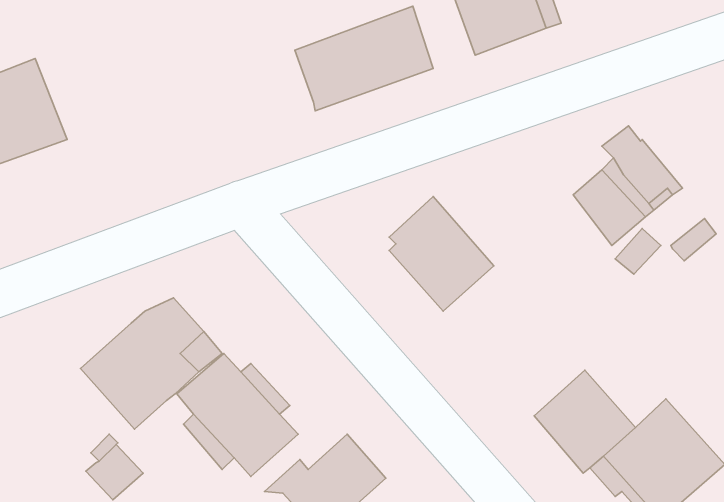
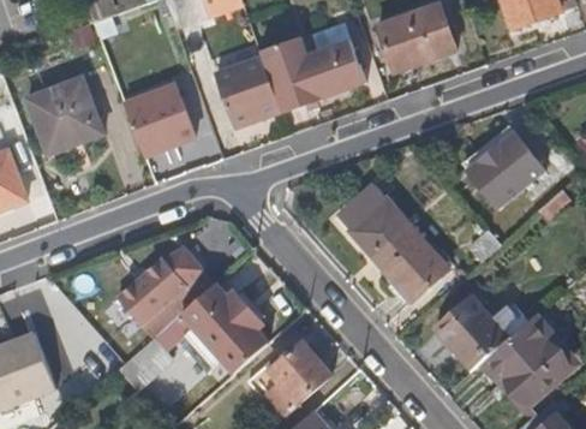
building: none -> [215,56,280,124]
building: none -> [125,85,195,156]
building: none -> [372,222,449,302]

